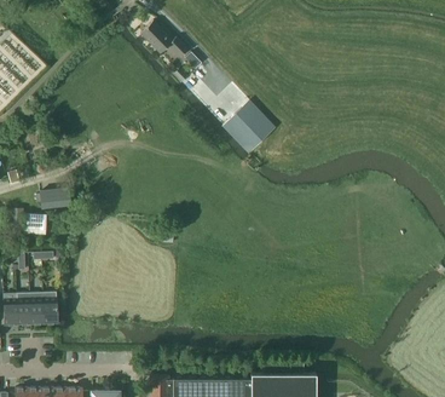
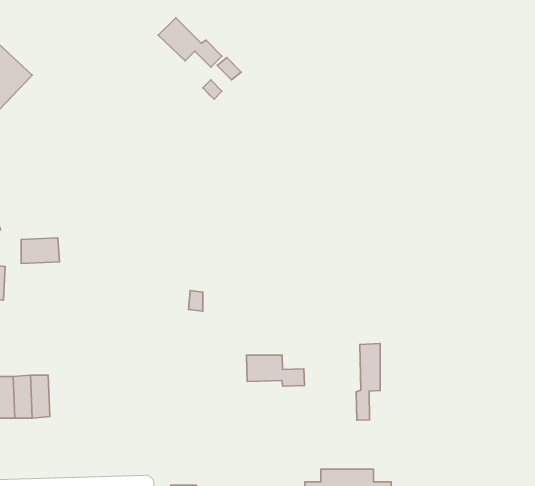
building: [221,100,274,154] -> none
building: none -> [356,344,380,420]
building: none -> [247,355,304,386]

